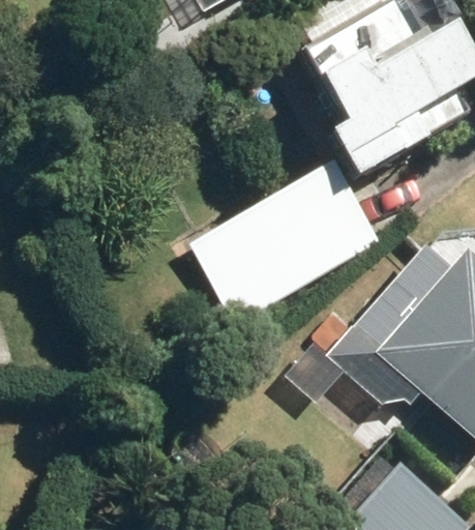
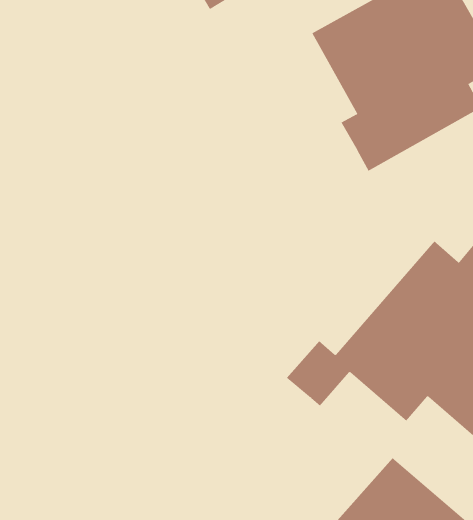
building: [186,151,396,325] -> none

